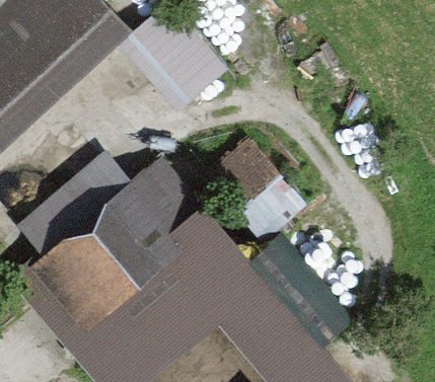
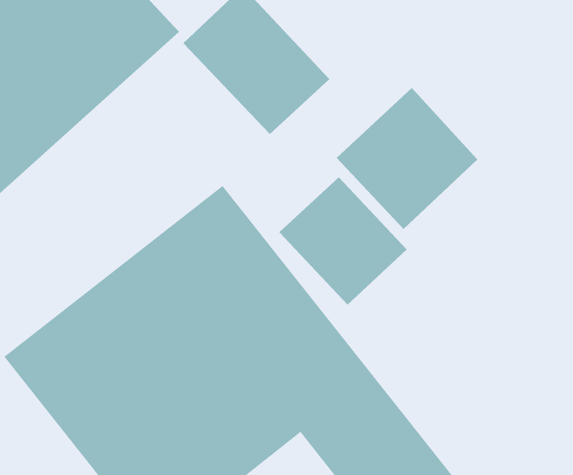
building: none -> [336,87,478,230]

